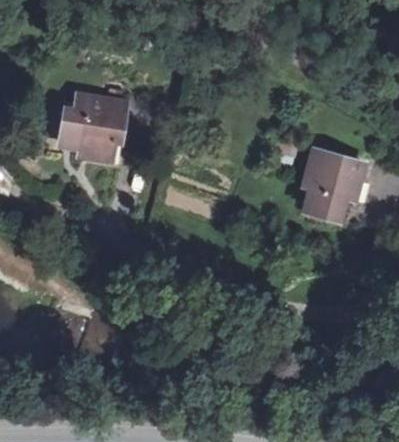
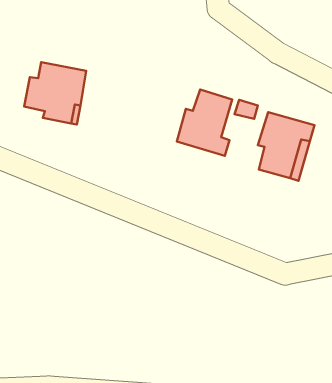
building: none -> [177,89,232,156]

